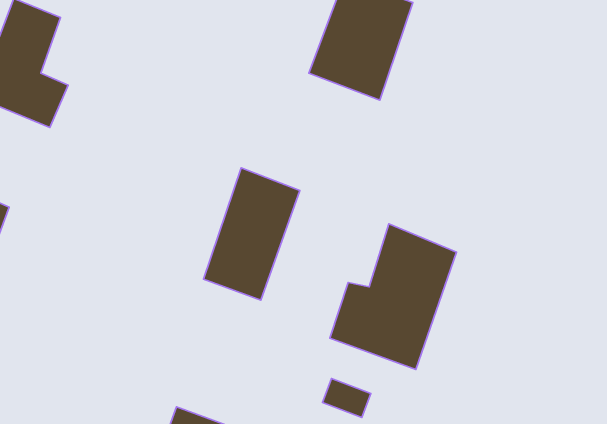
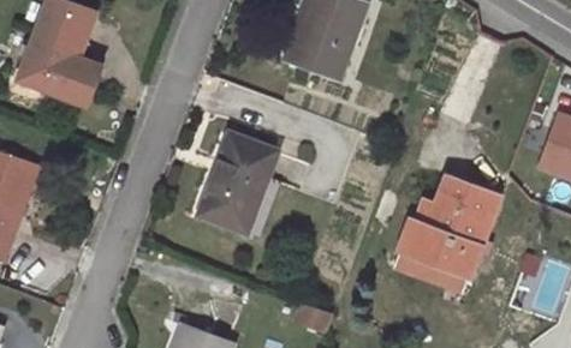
building: [330,224,456,370] -> [397,170,498,287]

